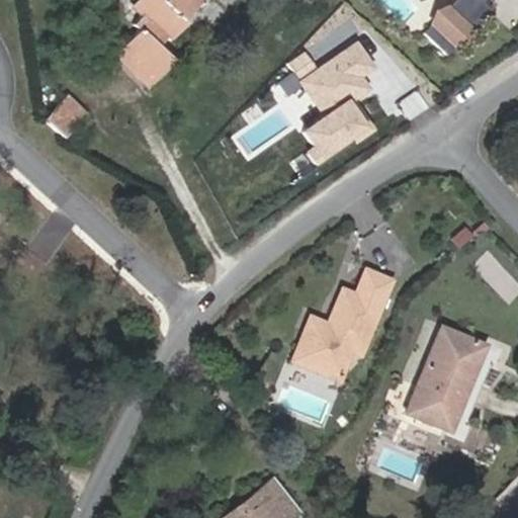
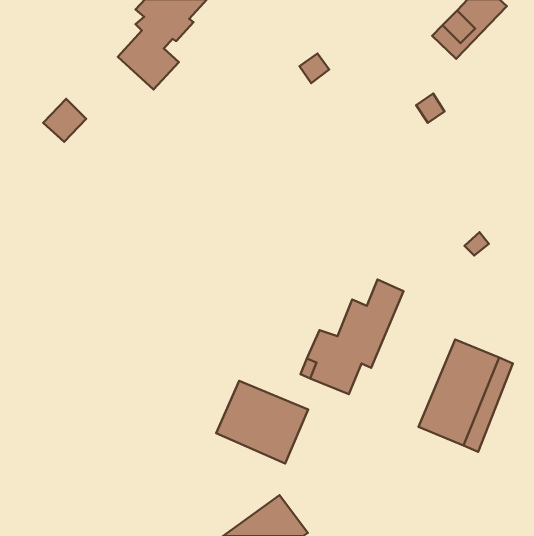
building: [305,44,374,165] -> none
building: none -> [216,381,308,464]

